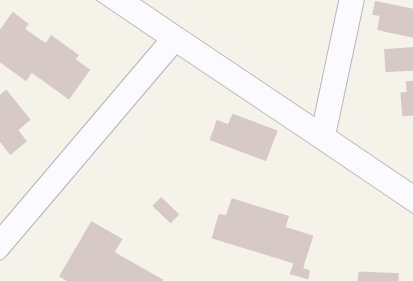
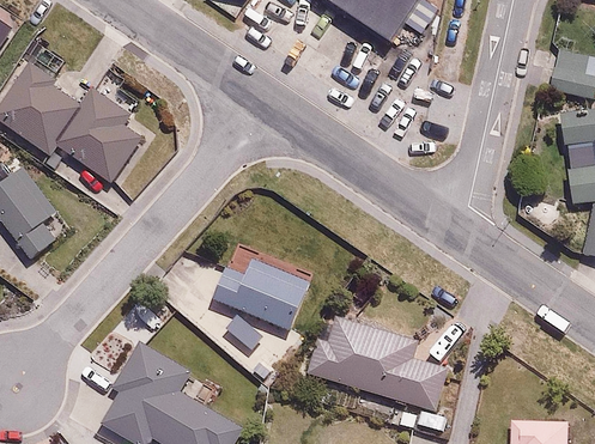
building: [208,113,279,162] -> [213,263,310,332]

